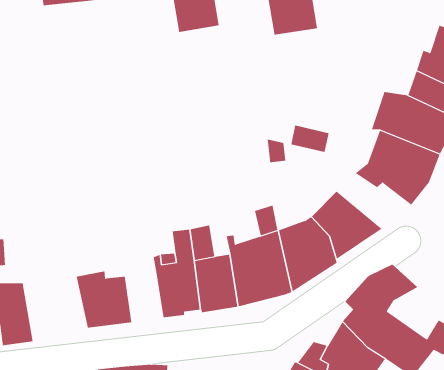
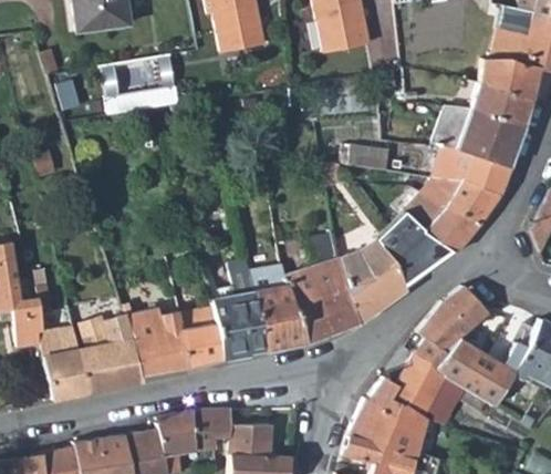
building: none -> [102,54,180,114]
building: none -> [401,193,481,254]
building: none -> [181,312,223,365]
building: none -> [74,320,144,392]

